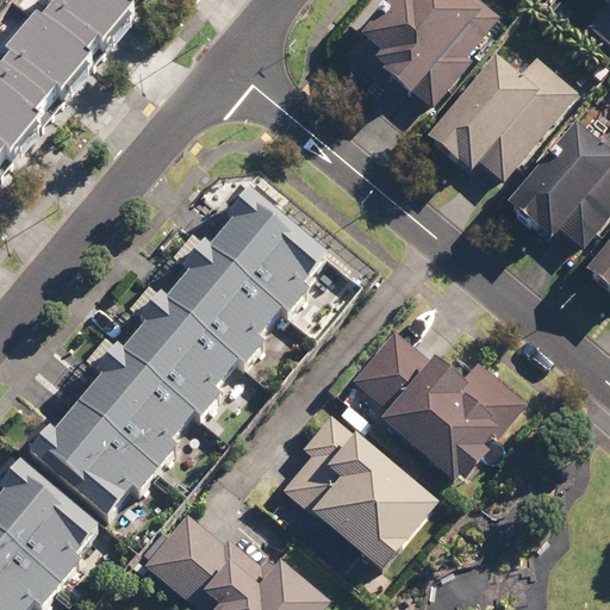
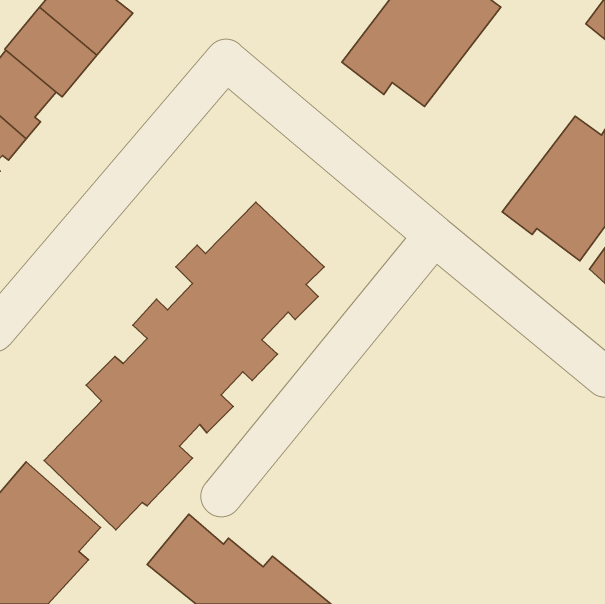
building: [431,51,575,179] -> none
building: [350,326,522,481] -> none
building: [284,413,440,597] -> none

